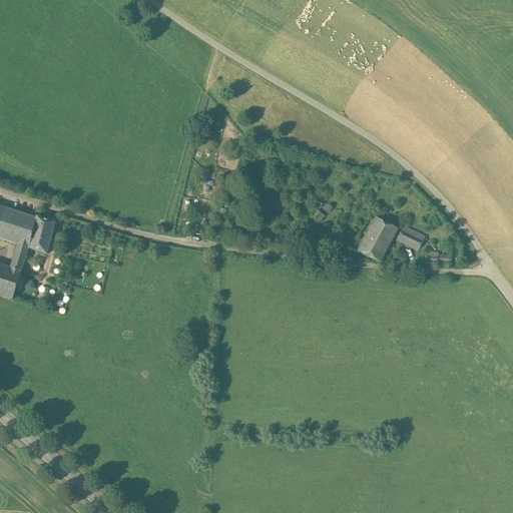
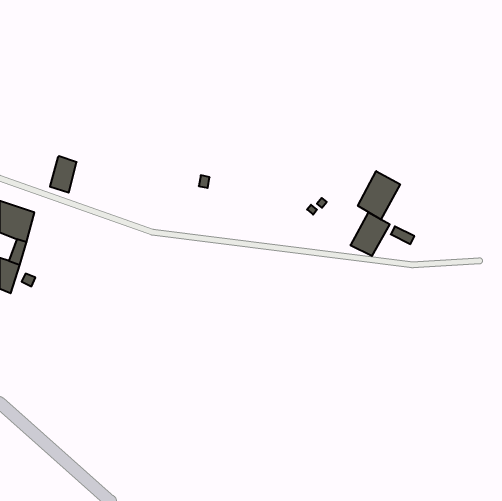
building: none -> [358,171,400,220]
building: [27,215,54,252] -> [50,156,77,193]

